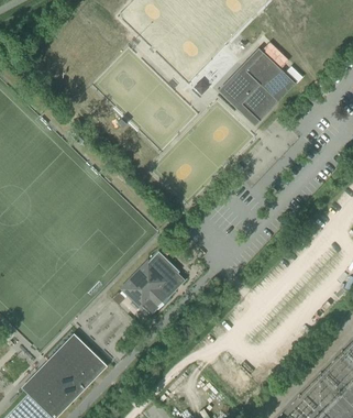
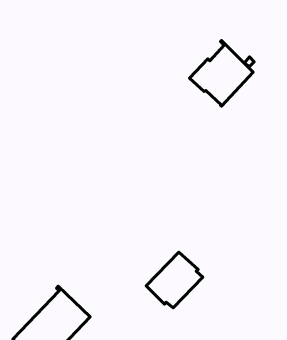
building: [121,252,186,316] -> [146,252,203,308]

